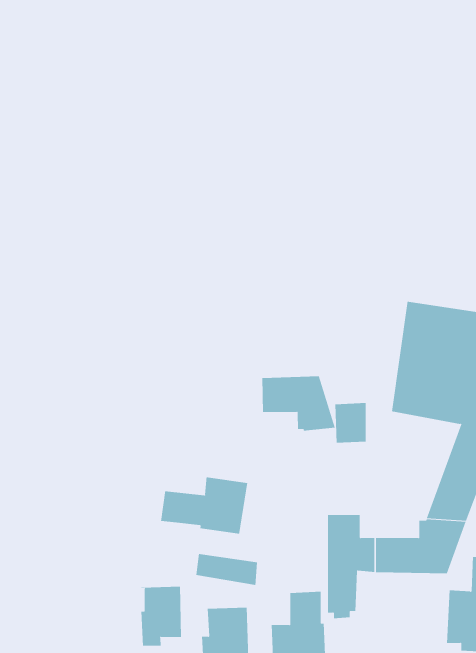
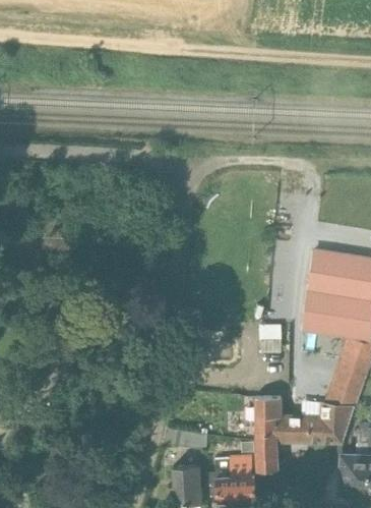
building: [262,375,335,431] -> none
building: [160,476,248,535] -> none
building: [141,586,182,647] -> none

